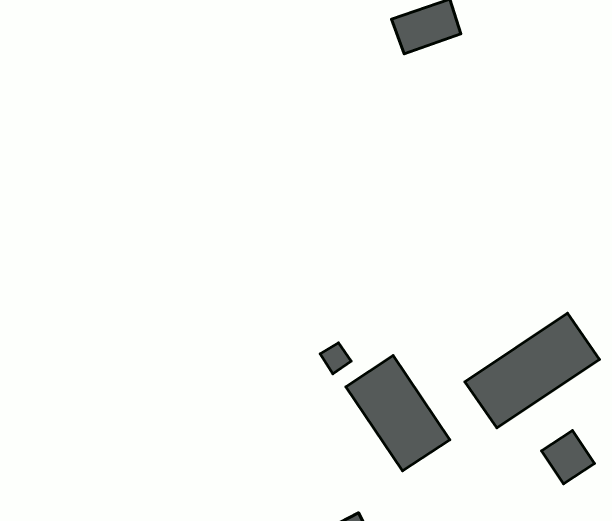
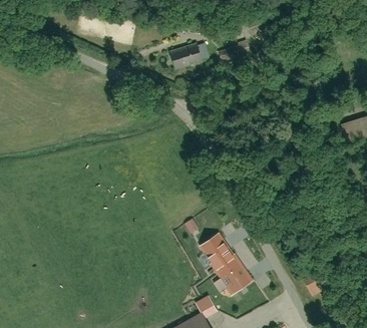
building: none -> [166,43,206,72]
building: [465,313,599,428] -> none

